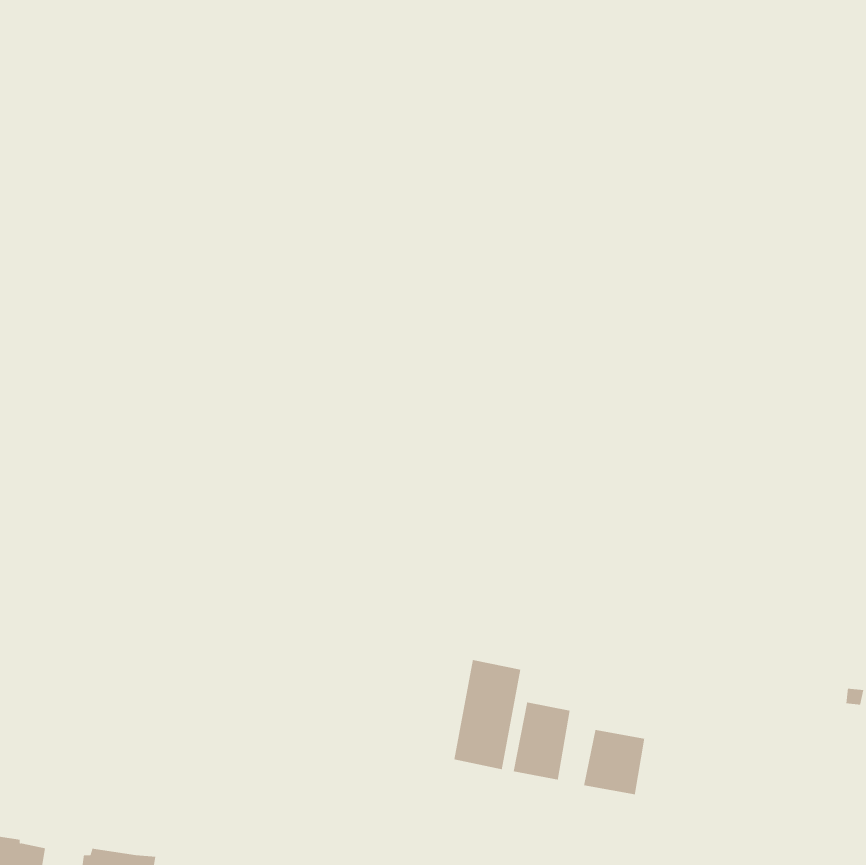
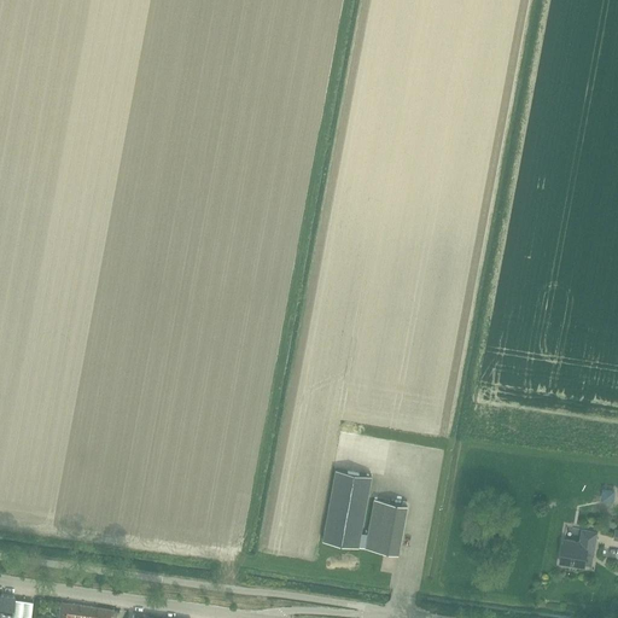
building: [584,729,645,795] -> none
building: none -> [560,531,597,570]

